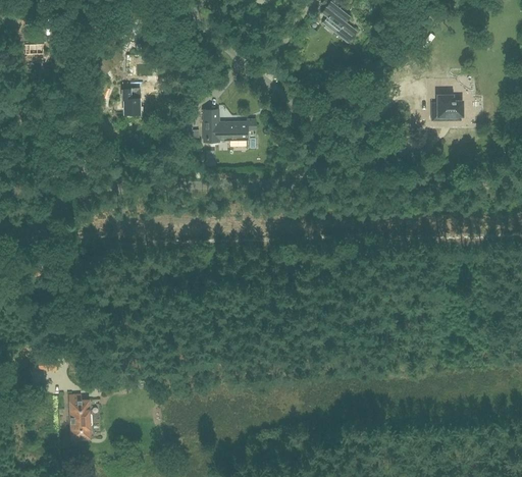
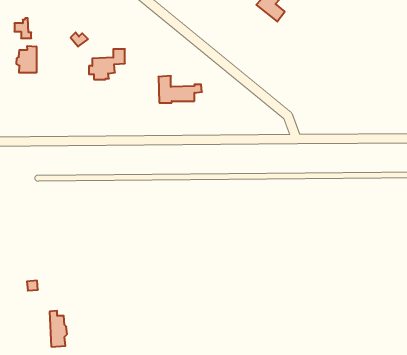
building: none -> [16,46,36,73]
building: [438,98,467,121] -> none

